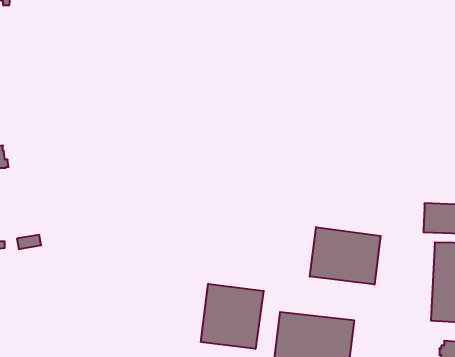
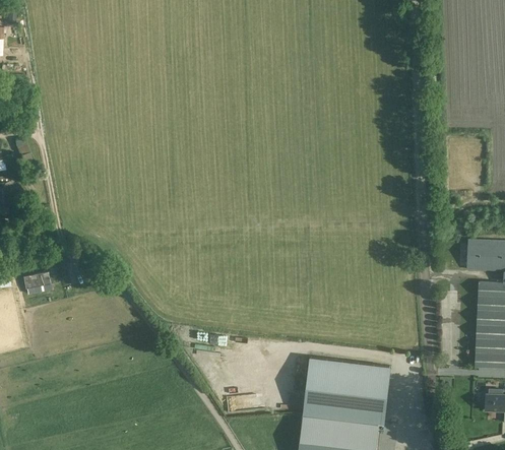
building: [310,227,381,285] -> none
building: [201,284,264,349] -> none

